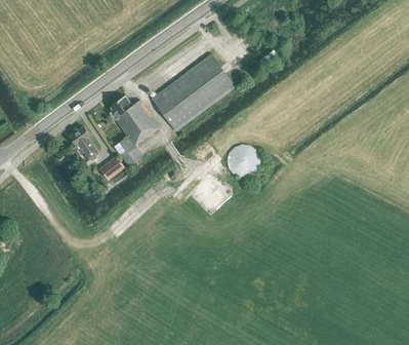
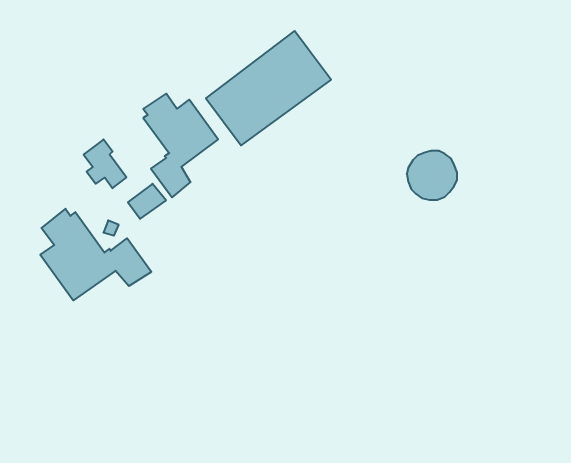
building: [227,144,260,177] -> [407,151,457,200]
building: none -> [40,209,151,300]

